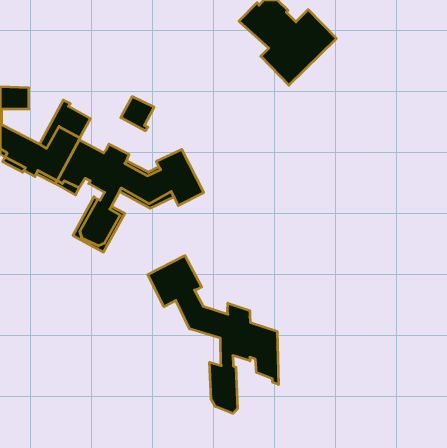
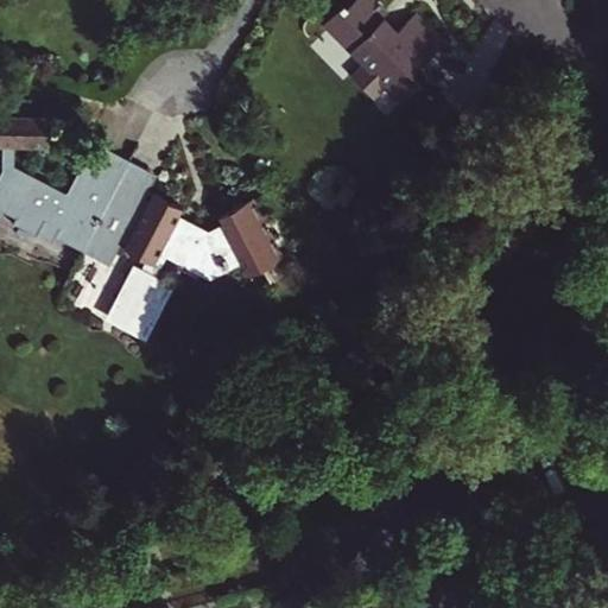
building: [121,97,154,131] -> [109,162,154,208]
building: [148,256,278,413] -> none

